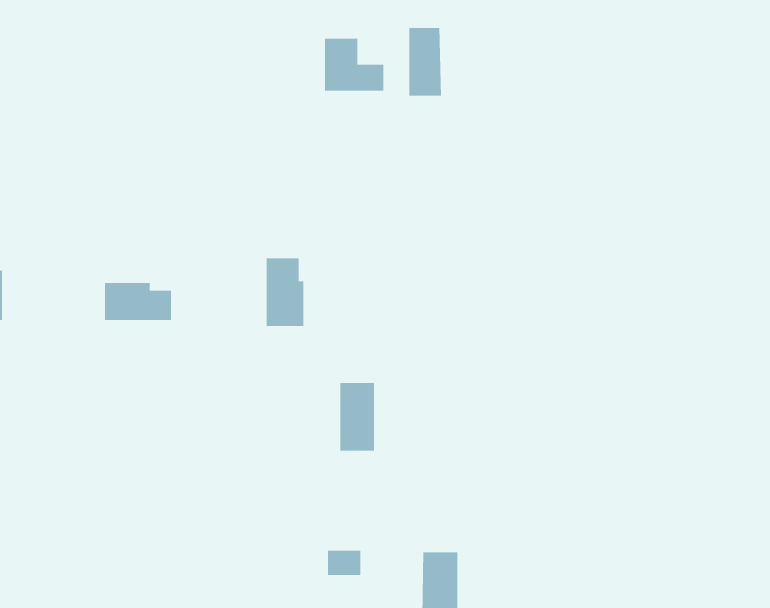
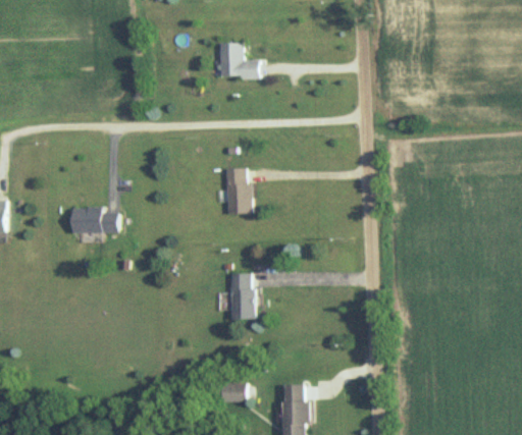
building: [408,27,442,97] -> none
building: [266,258,304,327] -> [223,167,249,213]

